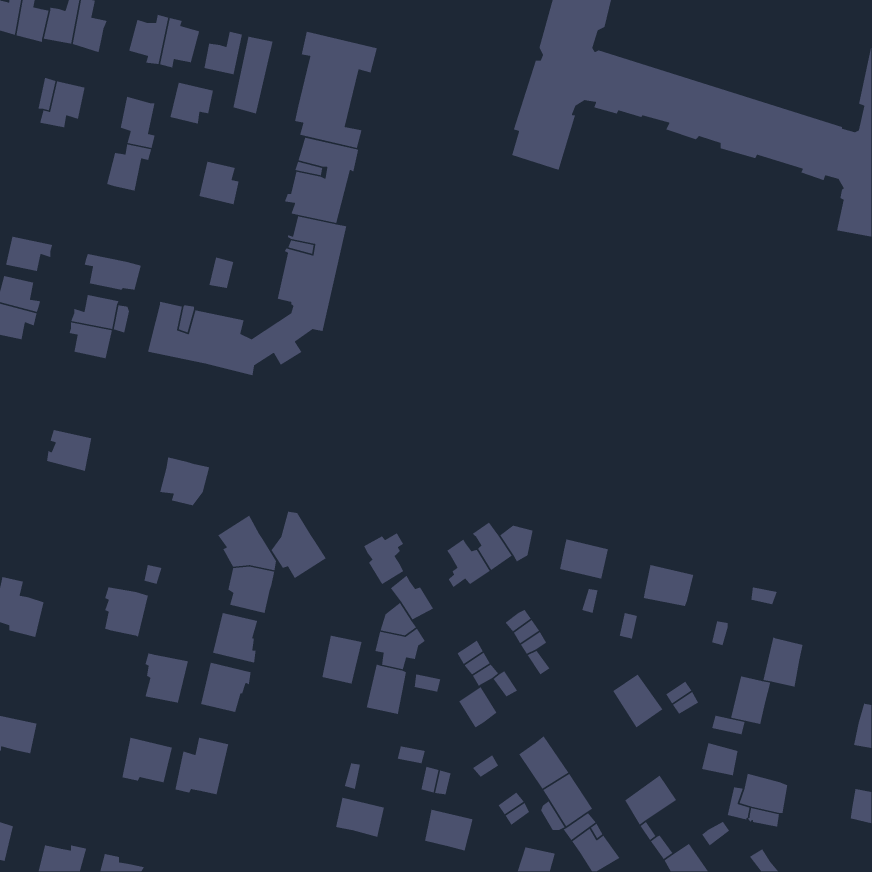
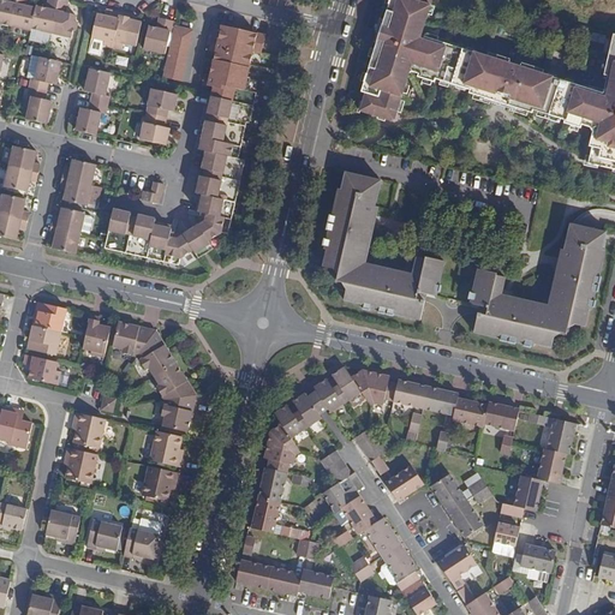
building: [170,82,214,124] -> [145,88,177,118]
building: none -> [25,86,50,123]
building: none -> [8,145,40,172]
building: none -> [61,159,95,184]
building: none -> [321,171,442,318]
building: none -> [467,226,603,346]
building: none -> [82,315,109,356]
building: none -> [26,324,60,354]
building: none -> [23,353,59,384]
building: [270,511,327,579] -> [136,328,175,376]
building: none -> [363,372,396,405]
building: [363,532,404,585] -> [292,390,321,428]
building: none -> [423,386,458,414]
building: none -> [483,401,519,430]
building: none -> [545,418,574,453]
building: [321,635,362,684] -> [251,497,280,532]
building: [144,652,189,704] -> [65,447,96,483]
building: none -> [384,465,423,501]
building: none -> [340,495,376,535]
building: none -> [447,498,483,537]
building: none -> [44,509,79,544]
building: none -> [265,567,301,596]

